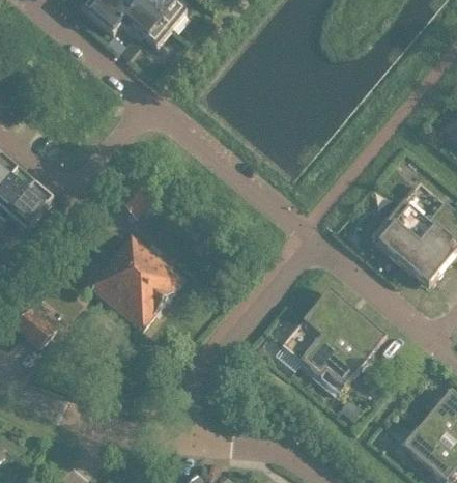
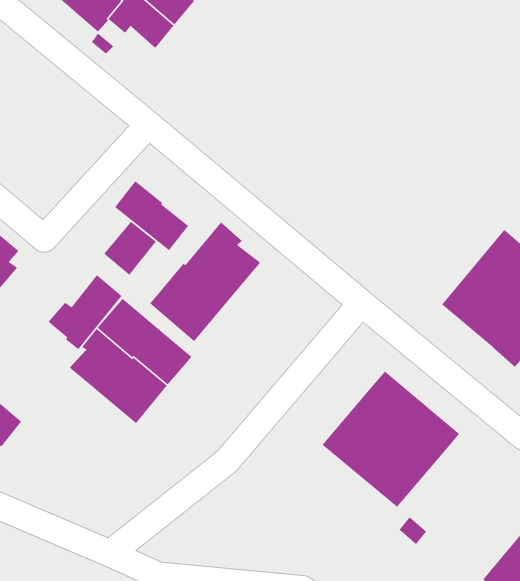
building: none -> [114,180,189,251]
building: none -> [149,221,261,342]
building: none -> [48,274,122,350]

